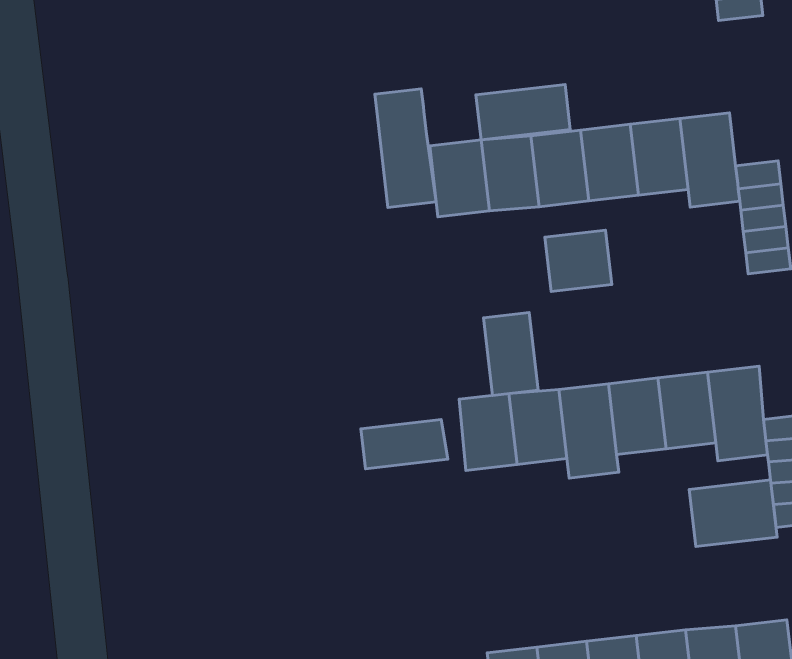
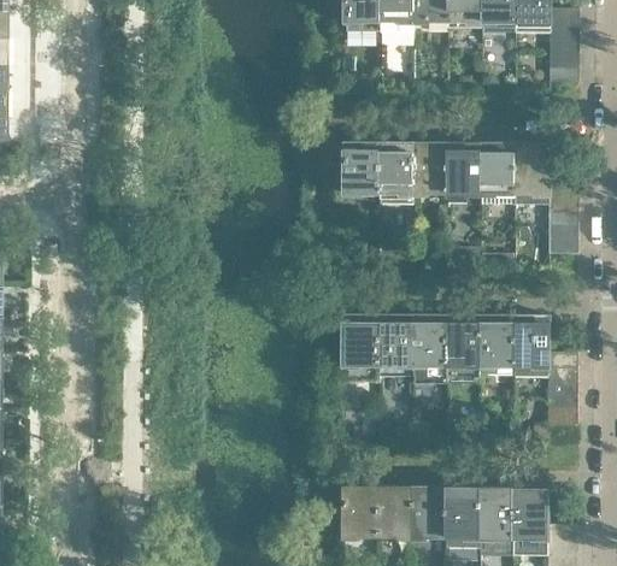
building: [476,84,570,140] -> none
building: [375,89,436,207] -> none
building: [545,230,612,291] -> none
building: [483,313,538,395] -> none
building: [361,420,448,469] -> none
building: [689,480,777,547] -> none

